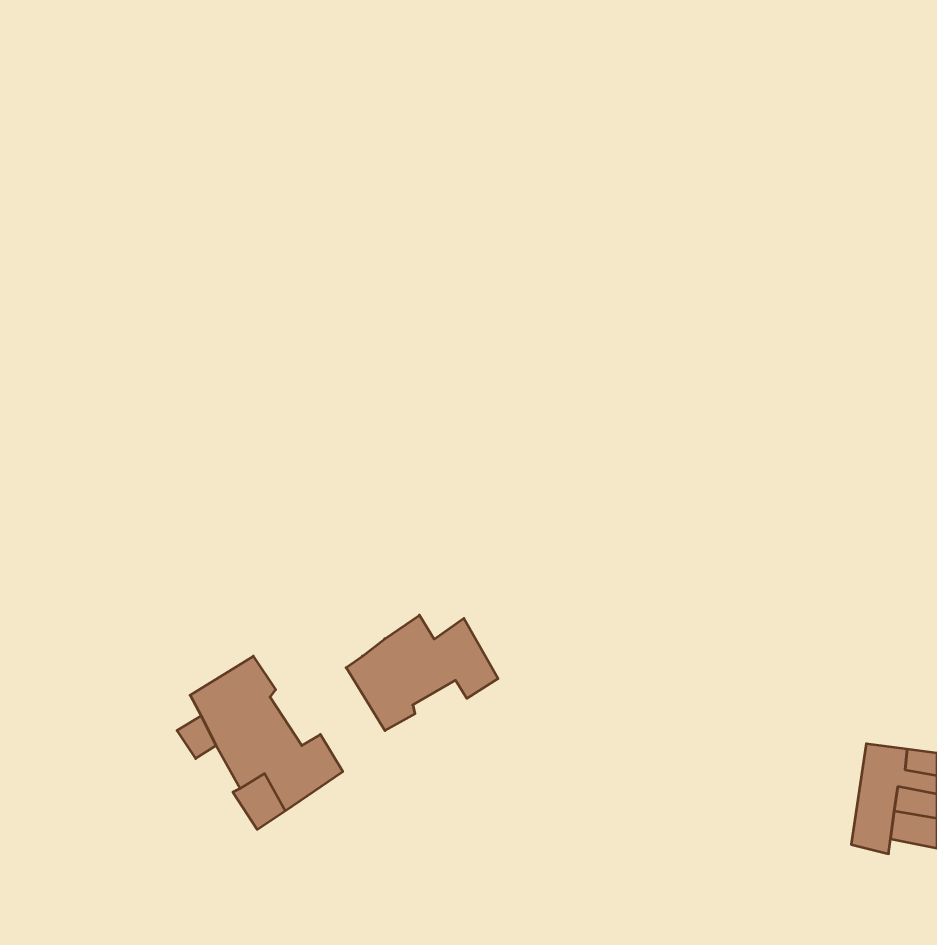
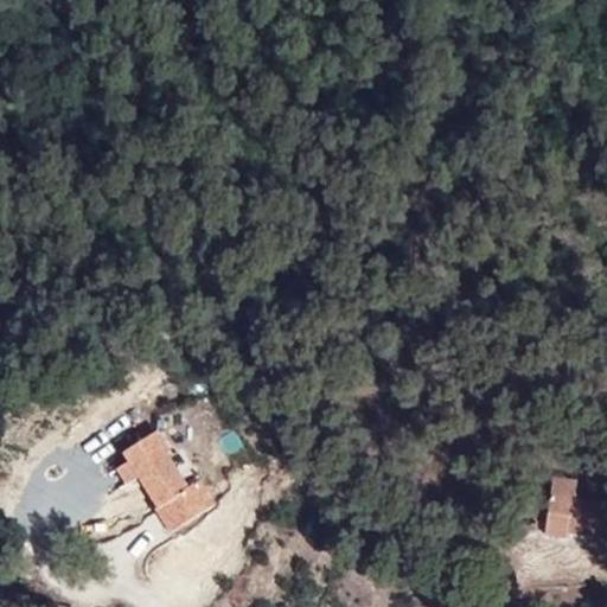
building: [346,615,498,731] -> none

